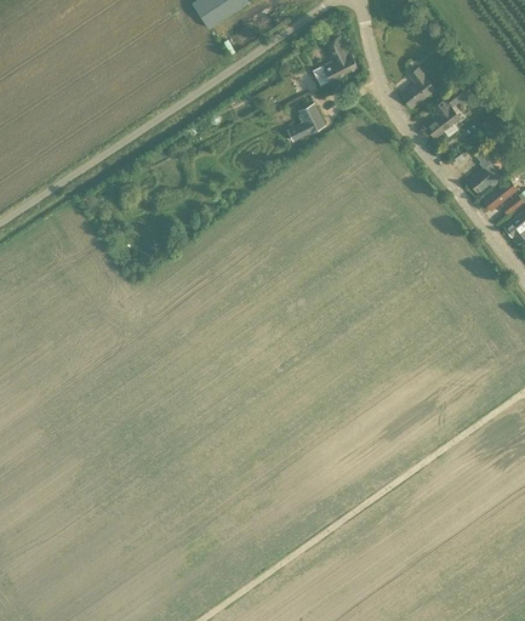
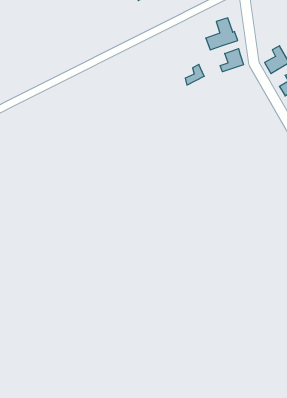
building: none -> [220,49,244,72]

